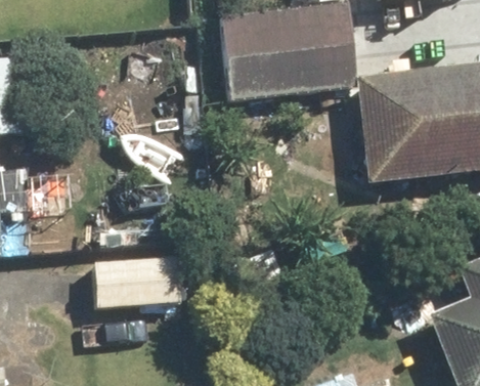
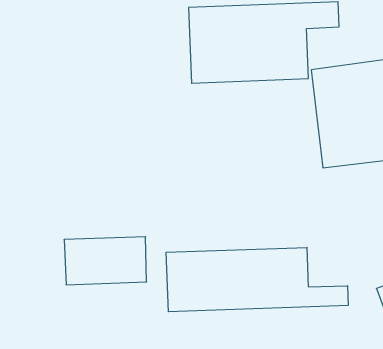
building: none -> [166,247,348,312]

